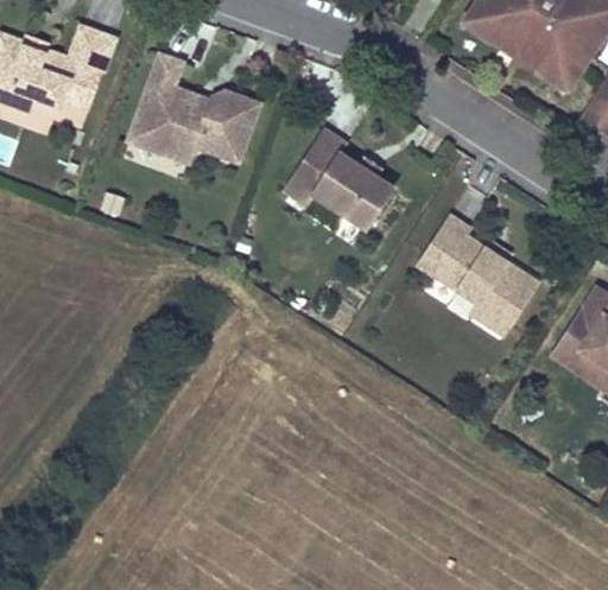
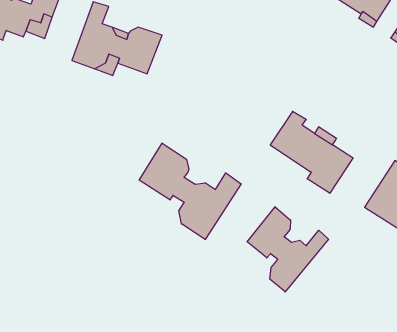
building: [285,129,392,229] -> none
building: none -> [139,143,241,239]
building: none -> [247,207,329,292]

